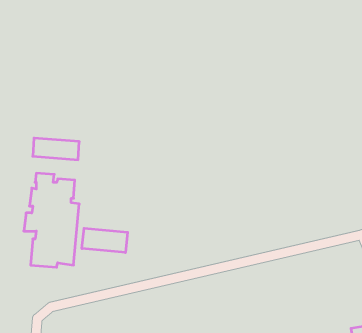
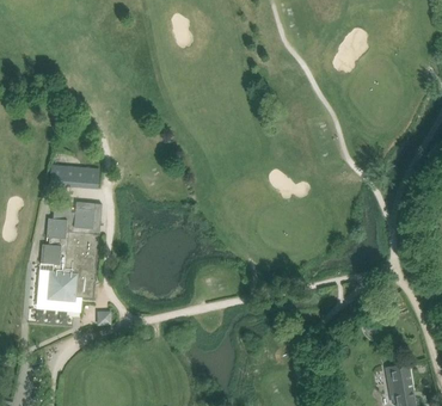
building: [82,228,128,253] -> none

